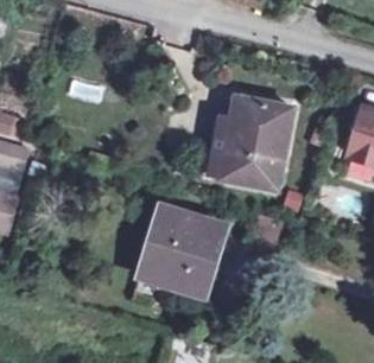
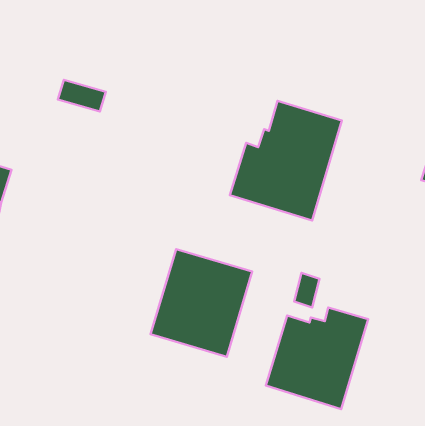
building: none -> [266,308,368,409]

